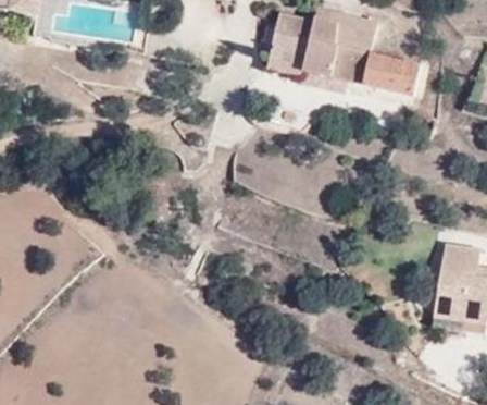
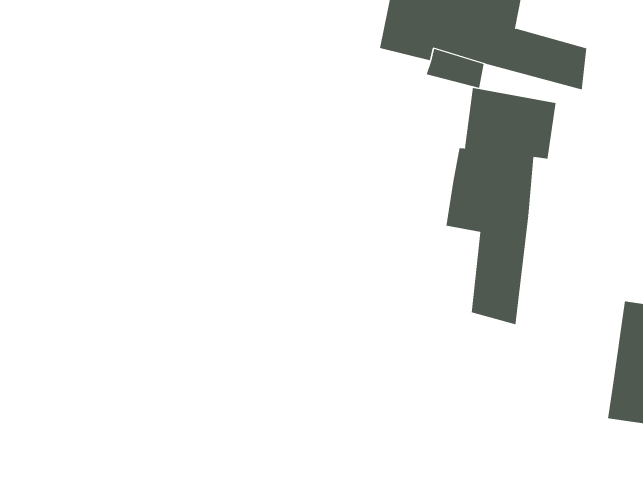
building: none -> [446,87,556,325]

